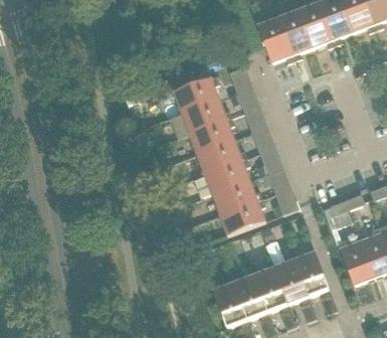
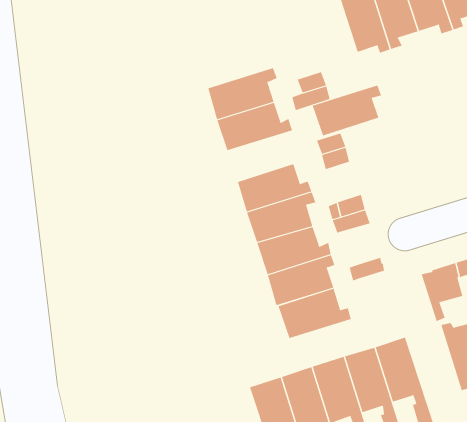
building: [189,117,235,153] -> [312,85,382,136]
building: none -> [278,288,351,339]

